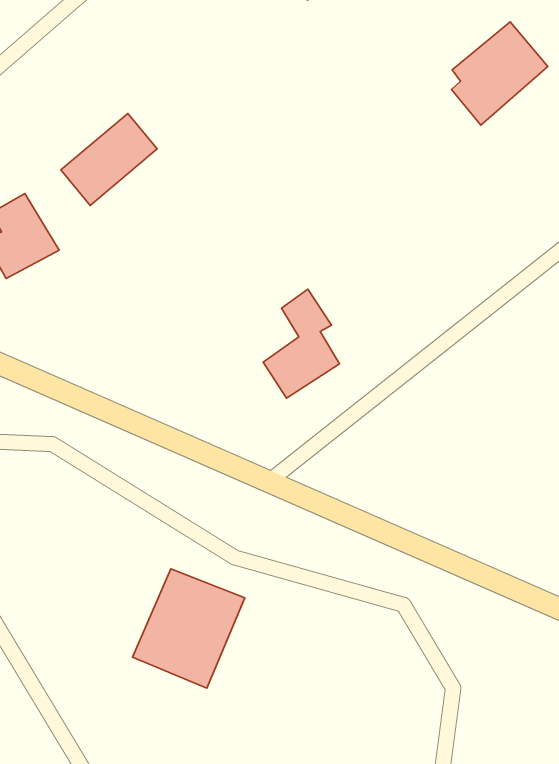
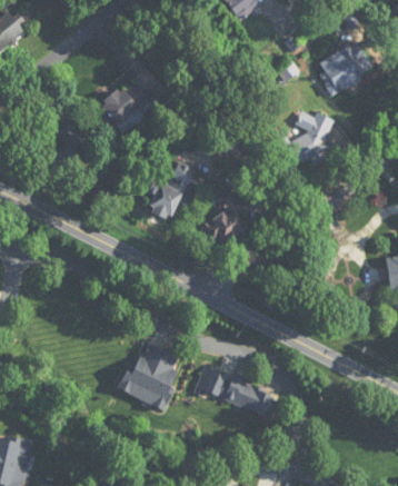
building: none -> [275,111,334,165]
building: none -> [147,162,191,220]
building: none -> [195,365,279,419]

